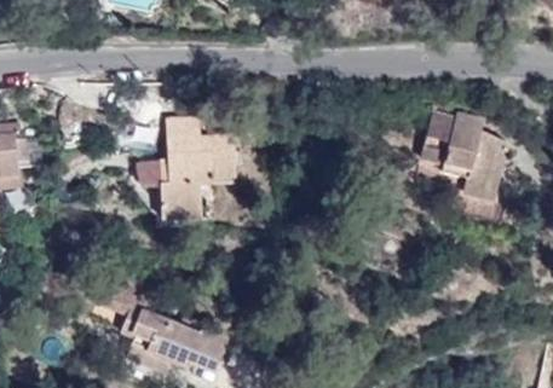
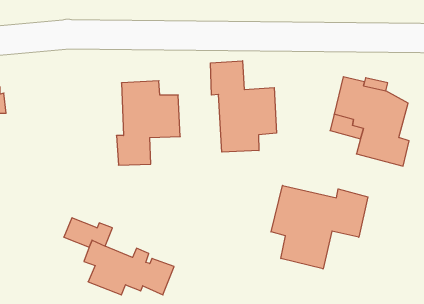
building: none -> [211,61,276,152]
building: none -> [271,185,368,269]

